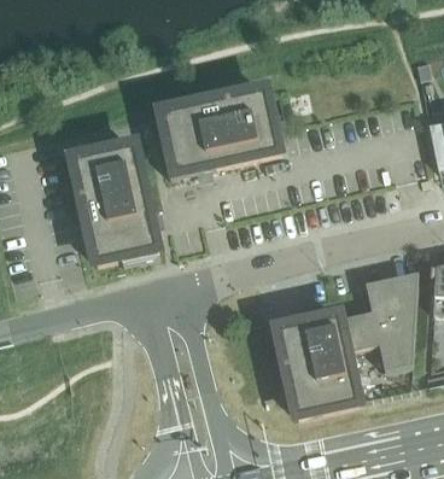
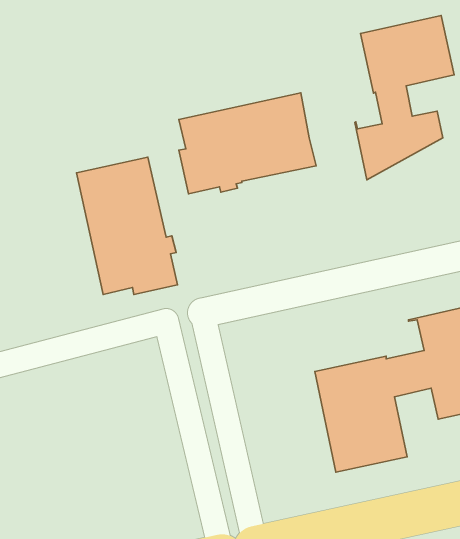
building: none -> [355,15,454,180]

